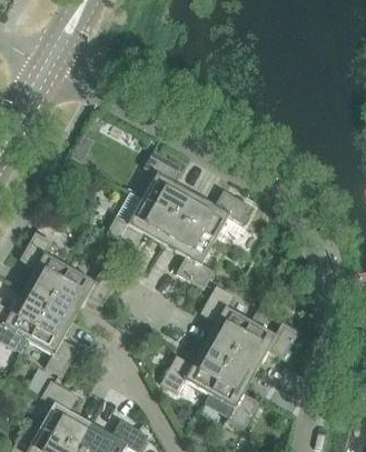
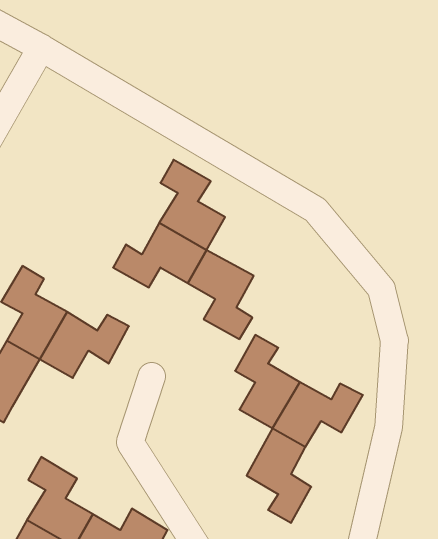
building: [178,189,251,239] -> none
building: [28,303,79,376] -> none
building: [160,342,229,393] -> none

